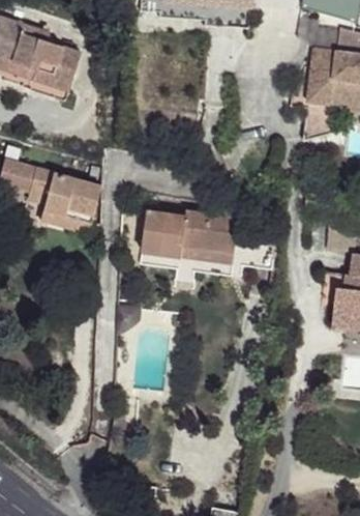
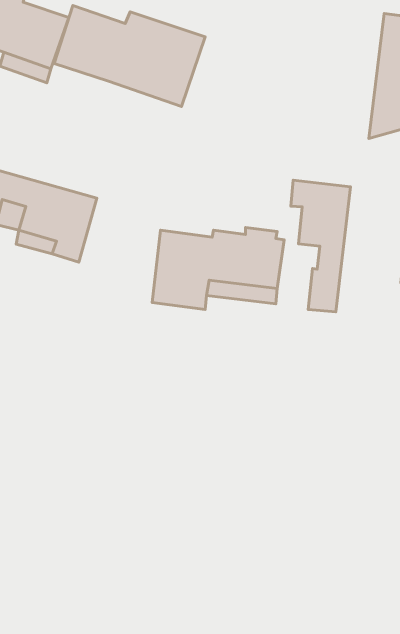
building: none -> [54,6,205,107]
building: none -> [291,180,350,312]

